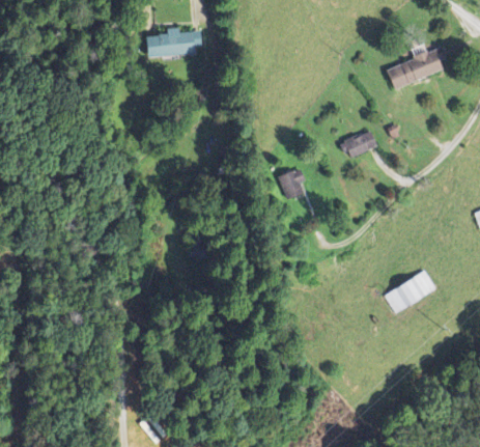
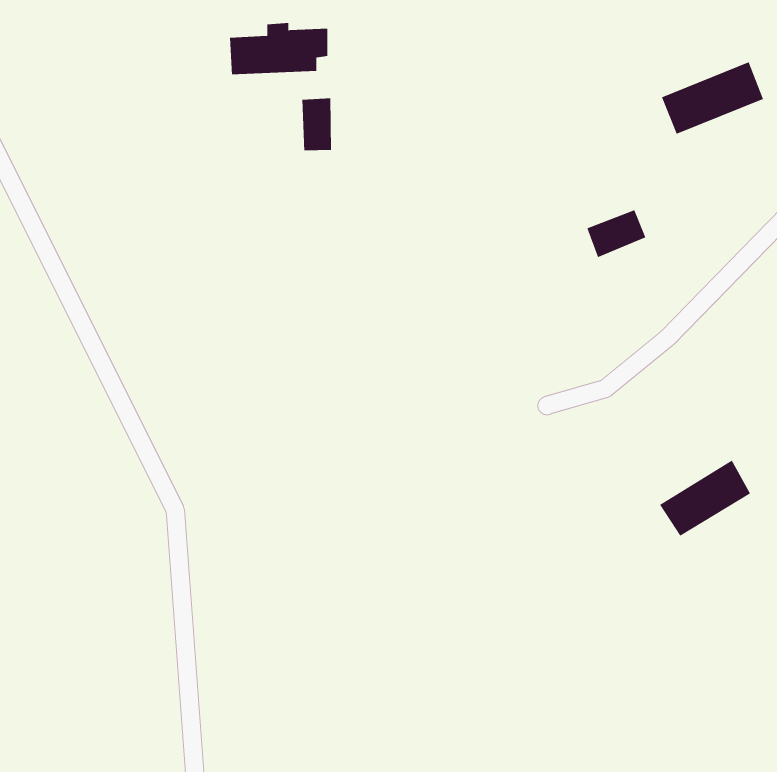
building: none -> [302,98,332,151]
building: [278,167,306,199] -> none

